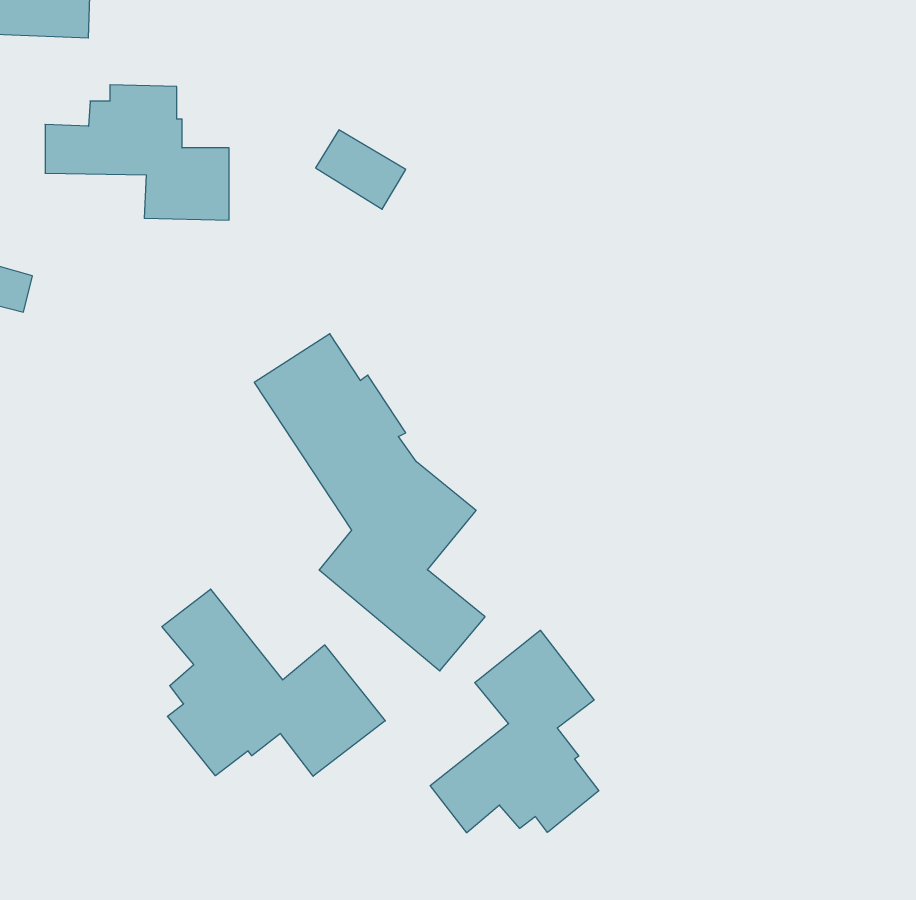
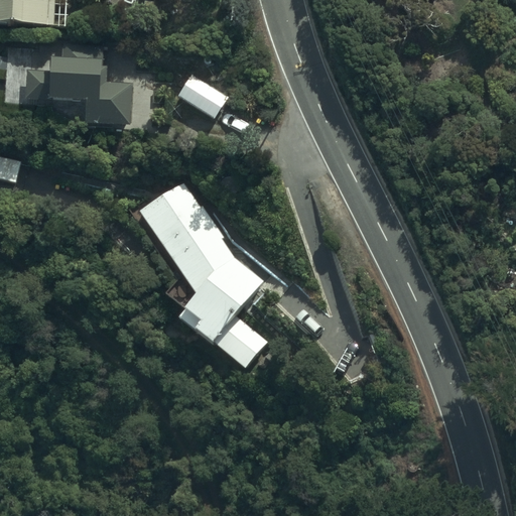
building: [162,589,385,776] -> none
building: [430,630,599,833] -> none

